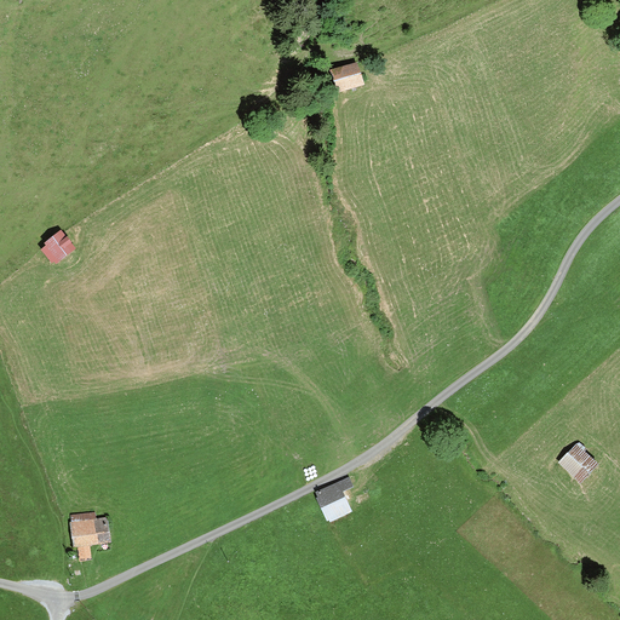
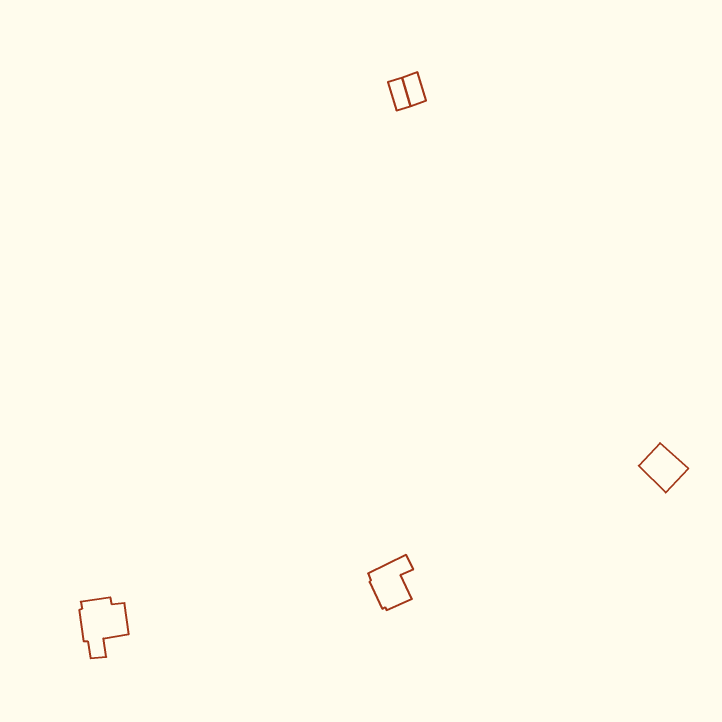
building: [40,230,76,266] -> none
building: [557,441,599,483] -> [639,443,688,493]

